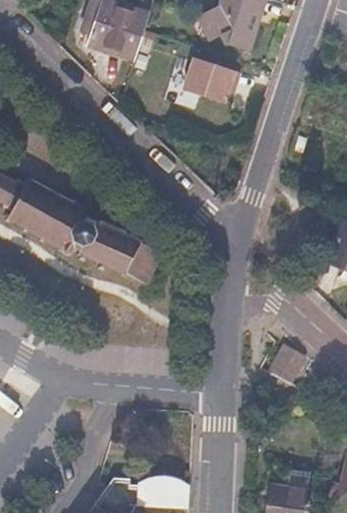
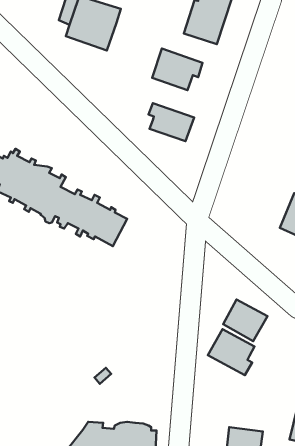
building: none -> [149,103,194,141]
building: none -> [208,329,255,375]

